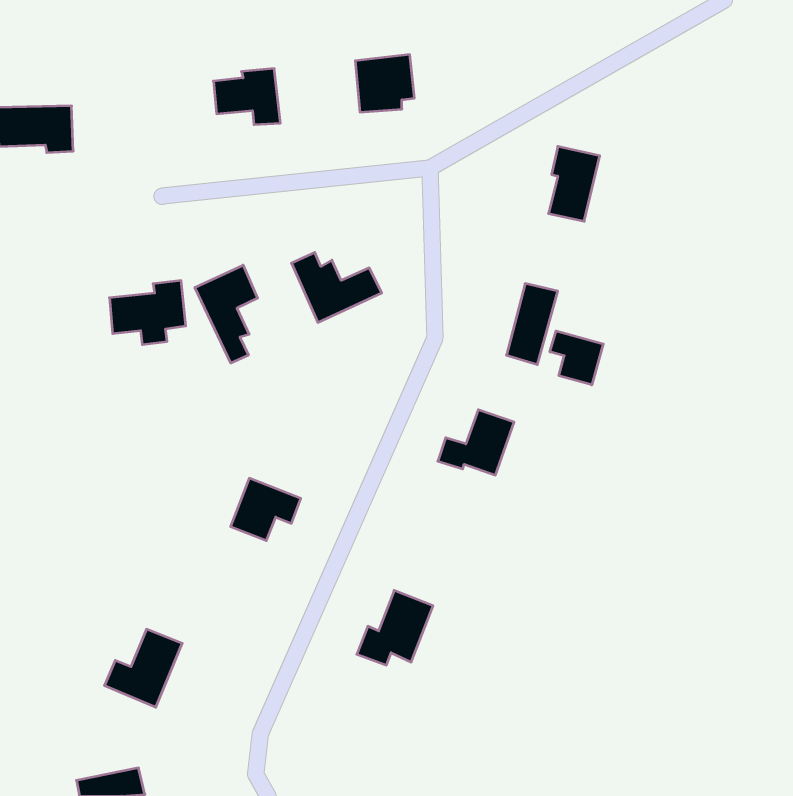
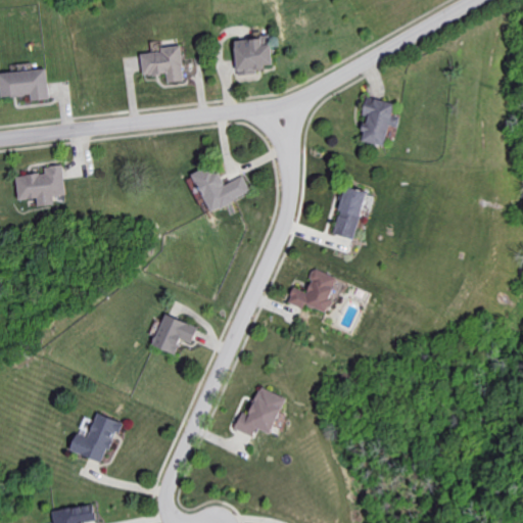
building: [195,265,258,363] -> none
building: [109,281,186,345] -> [15,164,65,206]
building: [550,331,603,385] -> none

